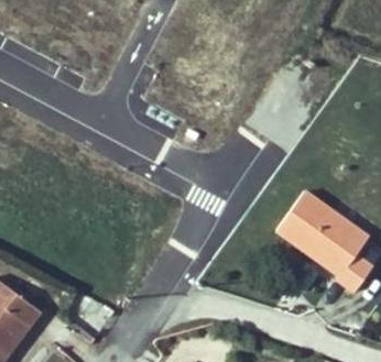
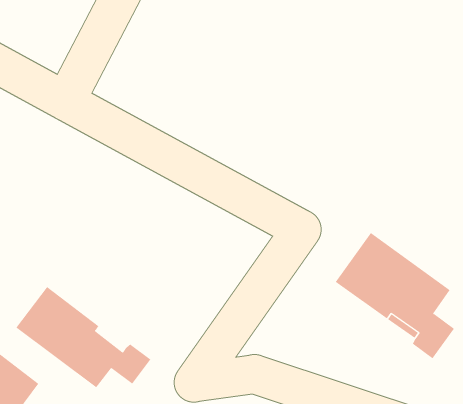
building: none -> [16,286,151,388]

